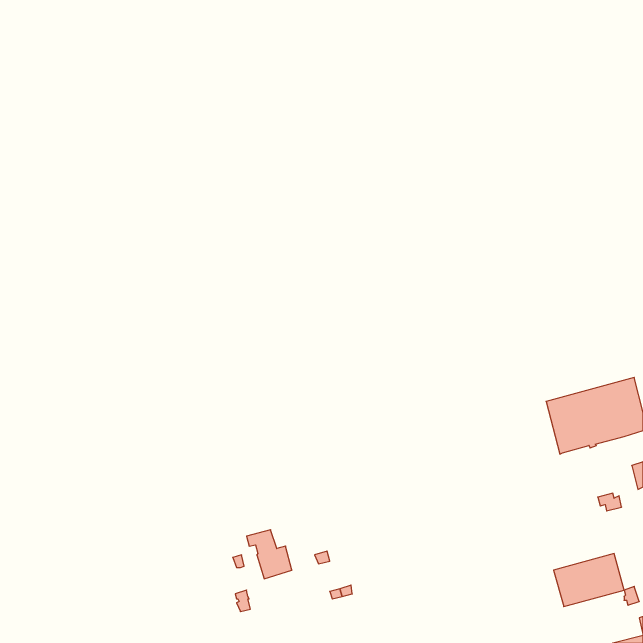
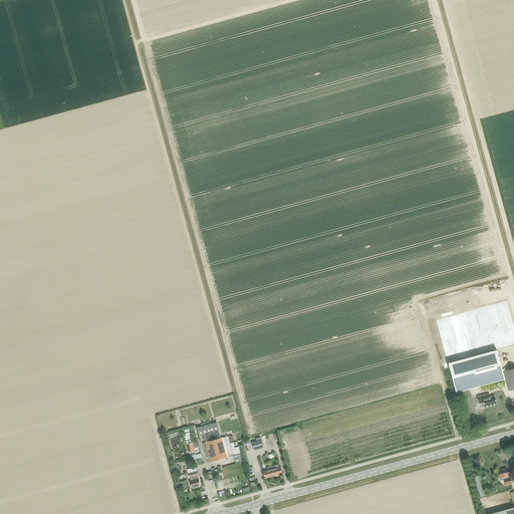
building: [554,554,624,607] -> [448,350,504,393]

